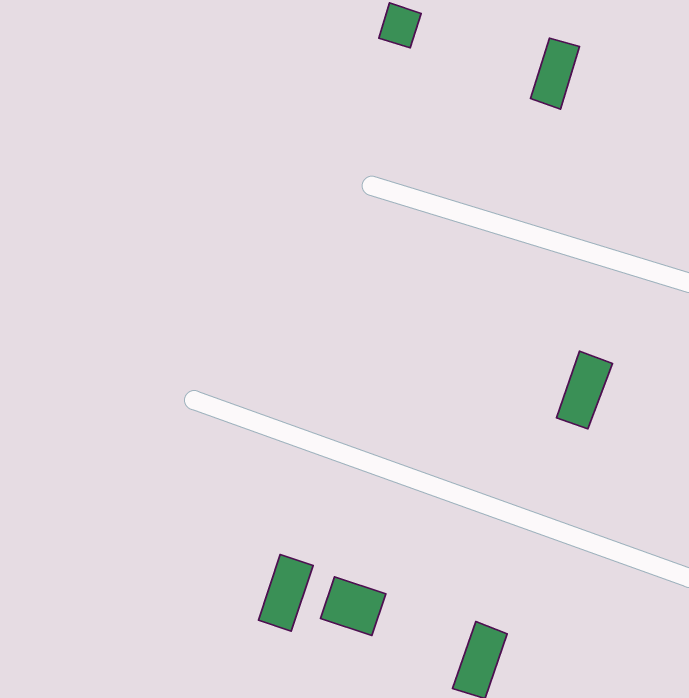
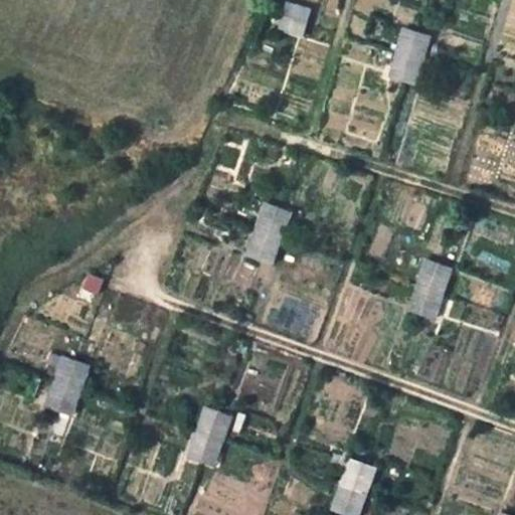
building: none -> [247,203,289,264]
building: none -> [46,358,87,414]
building: [321,577,386,635] -> none

